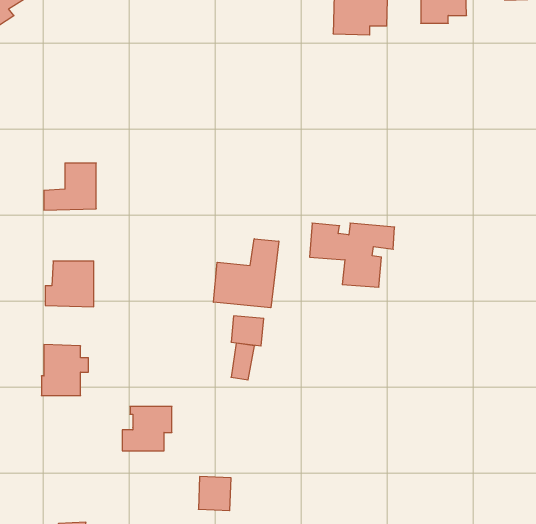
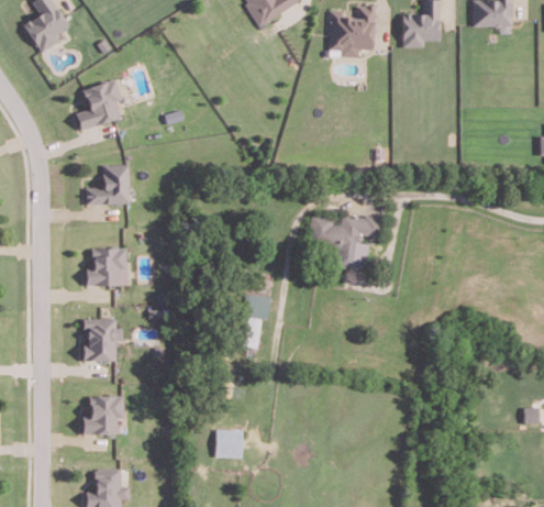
building: none -> [76,79,122,130]
building: [213,239,279,308] -> none
building: [122,406,172,451] -> [82,396,124,433]

